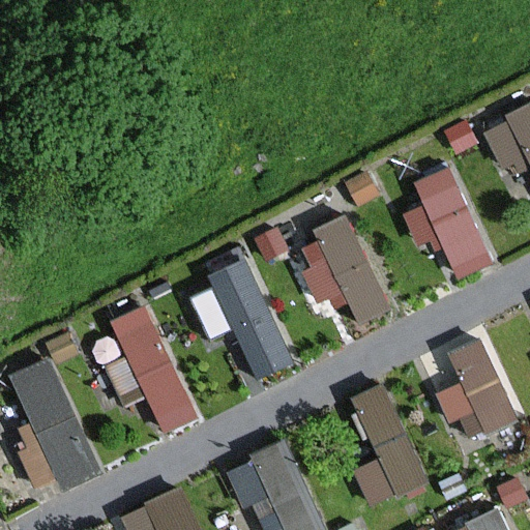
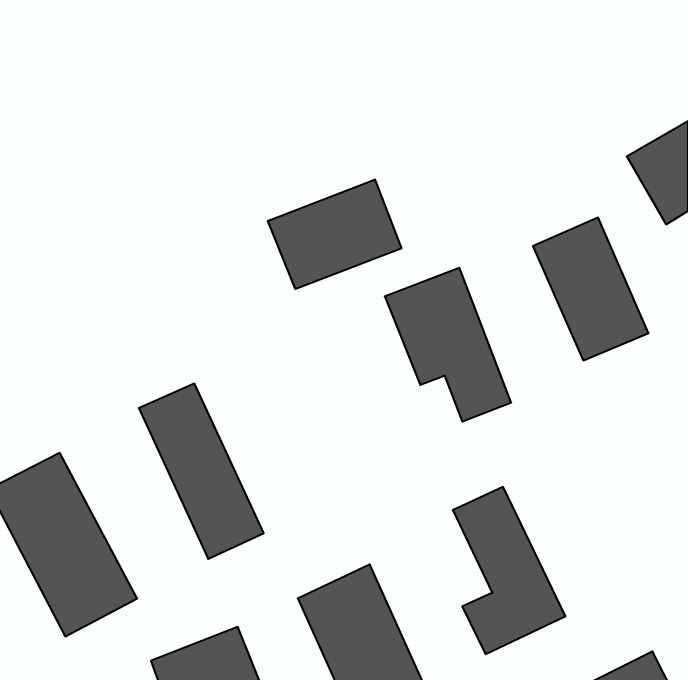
building: none -> [268,179,401,289]
building: [203,256,294,386] -> none
building: [430,334,516,441] -> none

